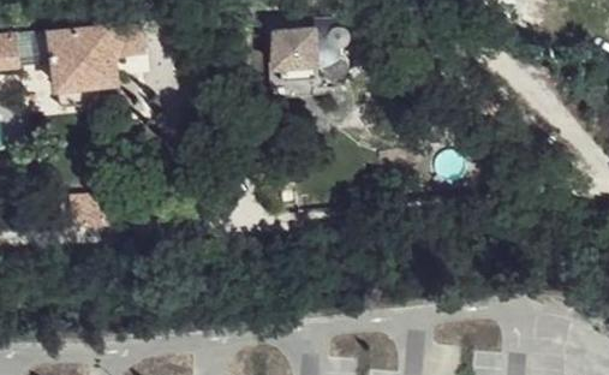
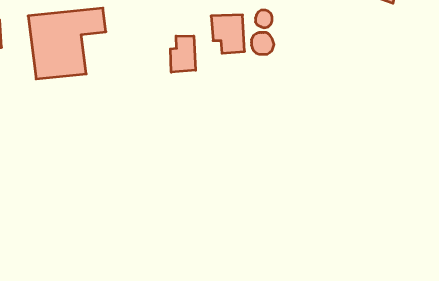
building: none -> [170,36,196,72]

